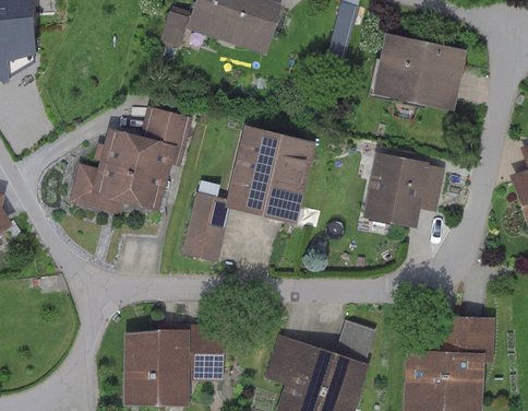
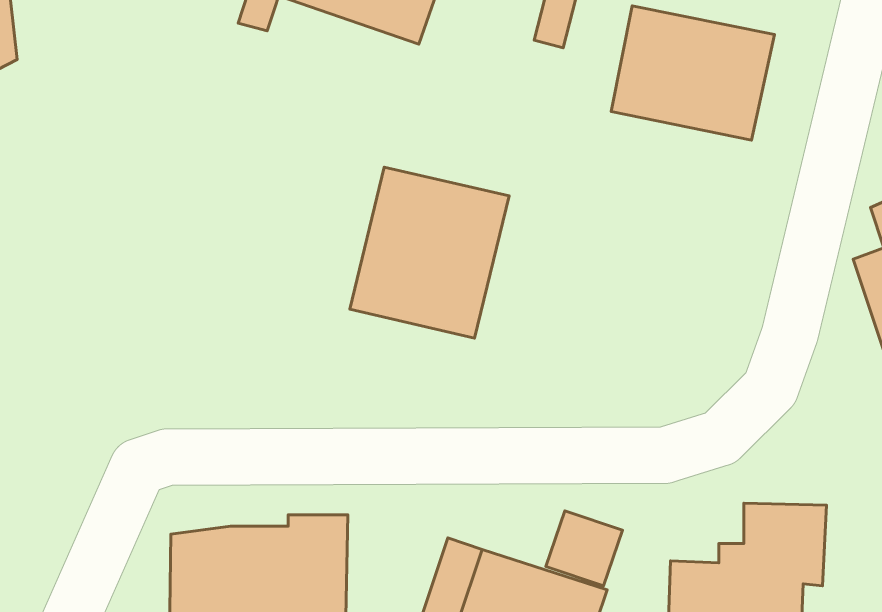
building: [71,106,193,214] -> none
building: [363,153,446,227] -> none
building: [183,181,230,262] -> none

